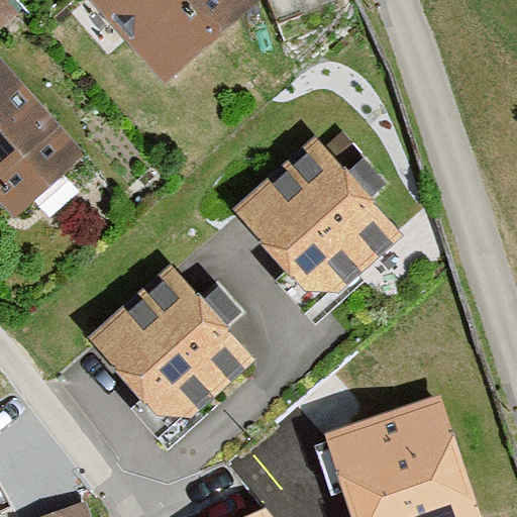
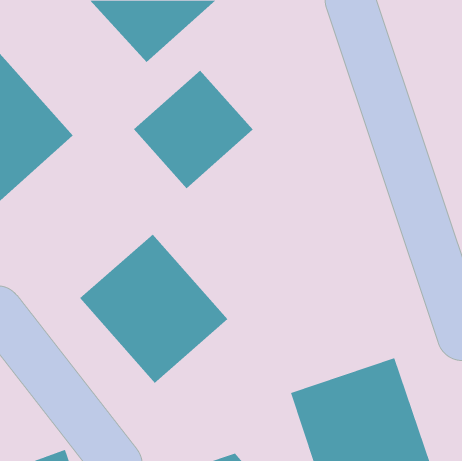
building: none -> [133,70,254,189]
building: [234,136,400,303] -> none

